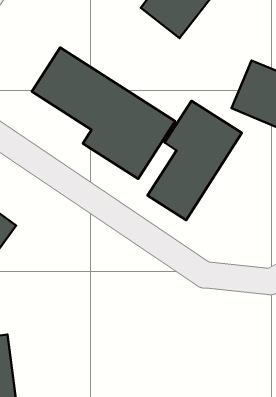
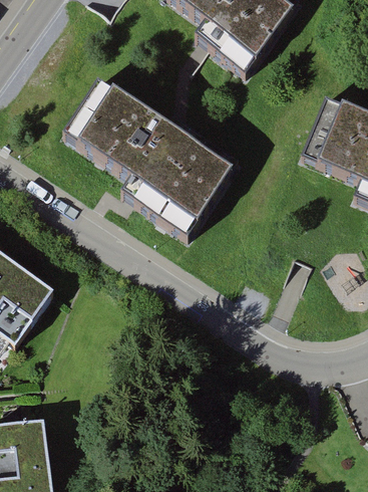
building: [147,101,242,220] -> none

